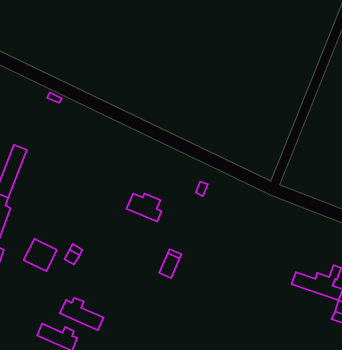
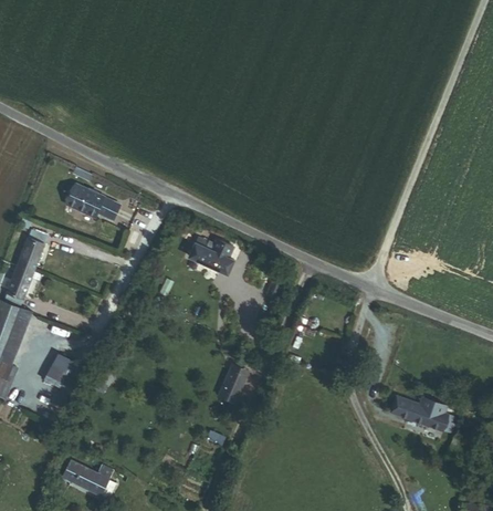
building: none -> [64,181,118,220]
building: [126,193,161,222] -> [187,238,232,274]
building: [60,298,104,330] -> none

